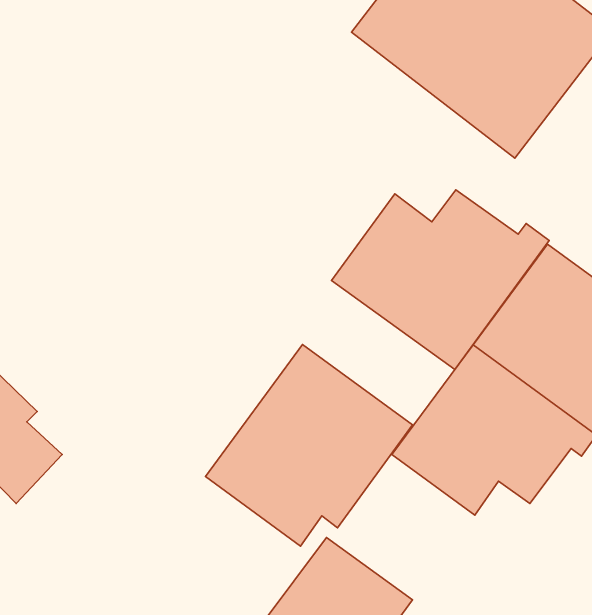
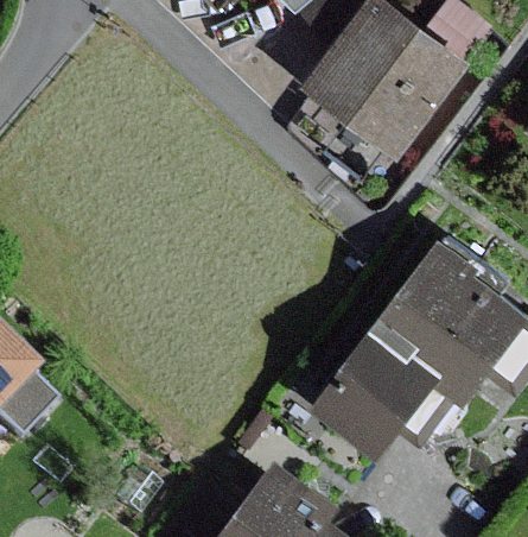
building: [331,190,549,370] -> none
building: [206,345,412,546] -> none

